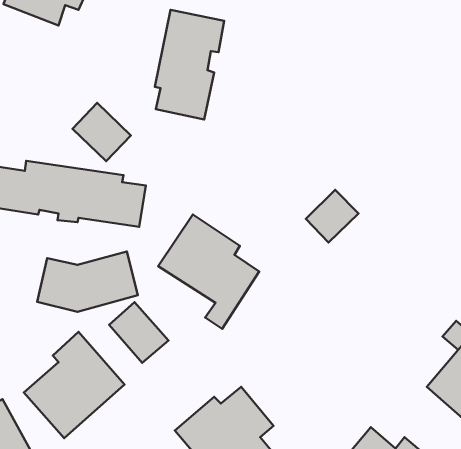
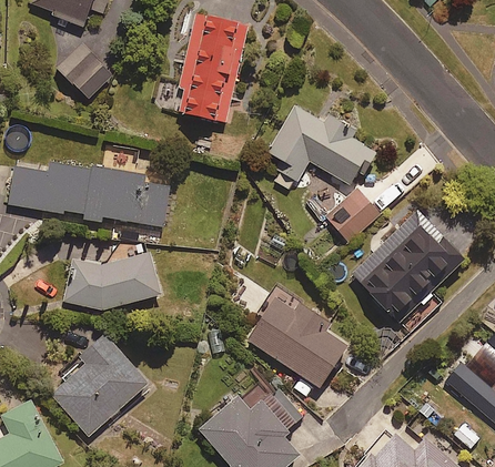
building: [73,103,131,161] -> [57,42,114,100]
building: none -> [269,106,371,192]
building: none -> [352,207,465,322]
building: [158,215,259,329] -> [246,288,346,402]
building: [109,302,169,363] -> none

